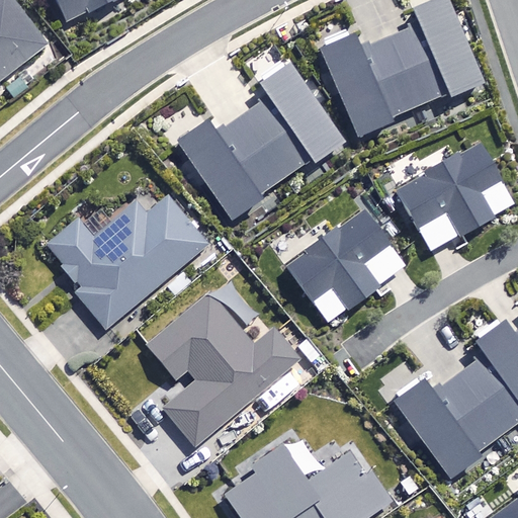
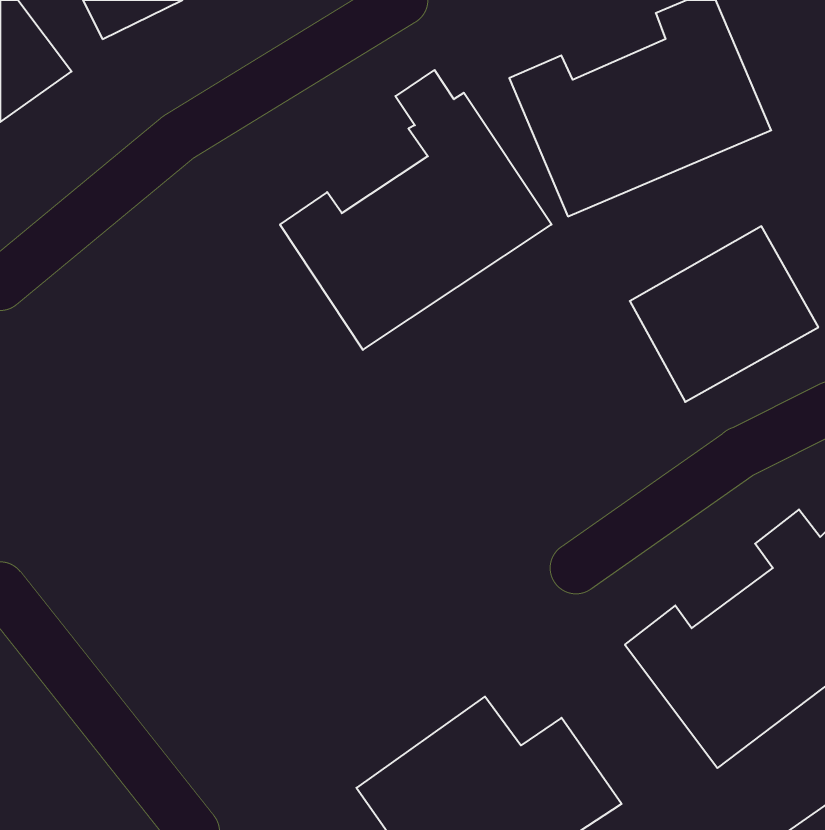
building: [44,183,208,328] -> none
building: [286,208,407,323] -> none
building: [145,275,295,446] -> none

